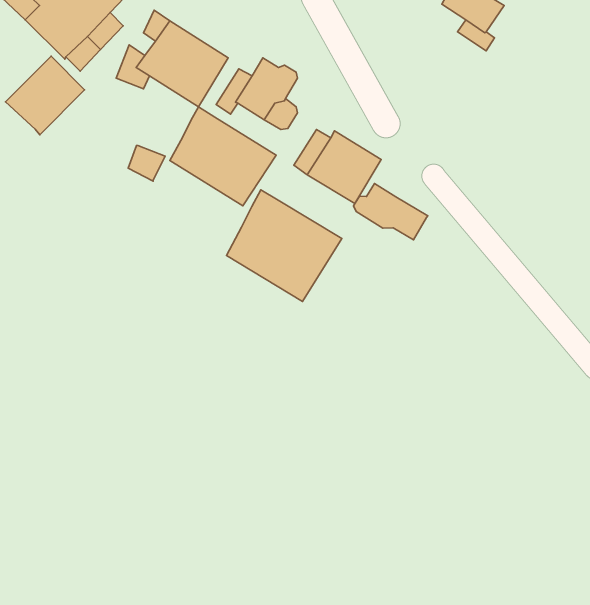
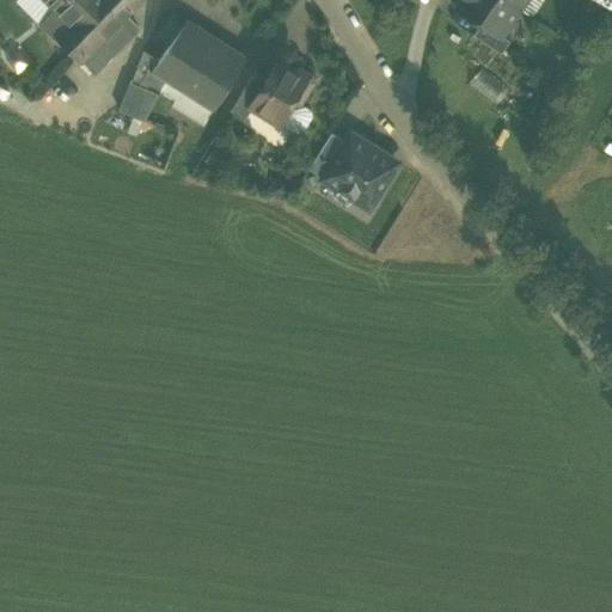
building: [6,56,84,135] -> none
building: [170,107,276,206] -> none
building: [128,145,165,181] -> [123,81,160,117]
building: [353,184,428,240] -> none
building: [226,190,342,301] -> none

